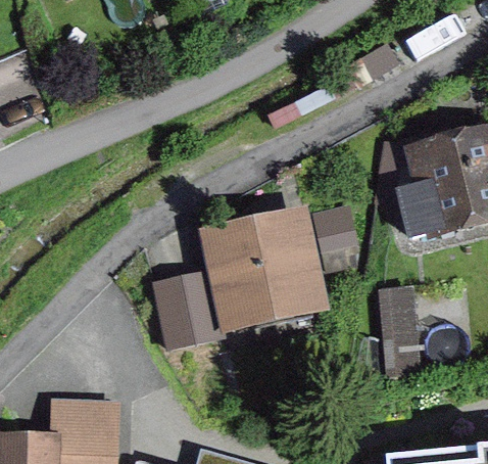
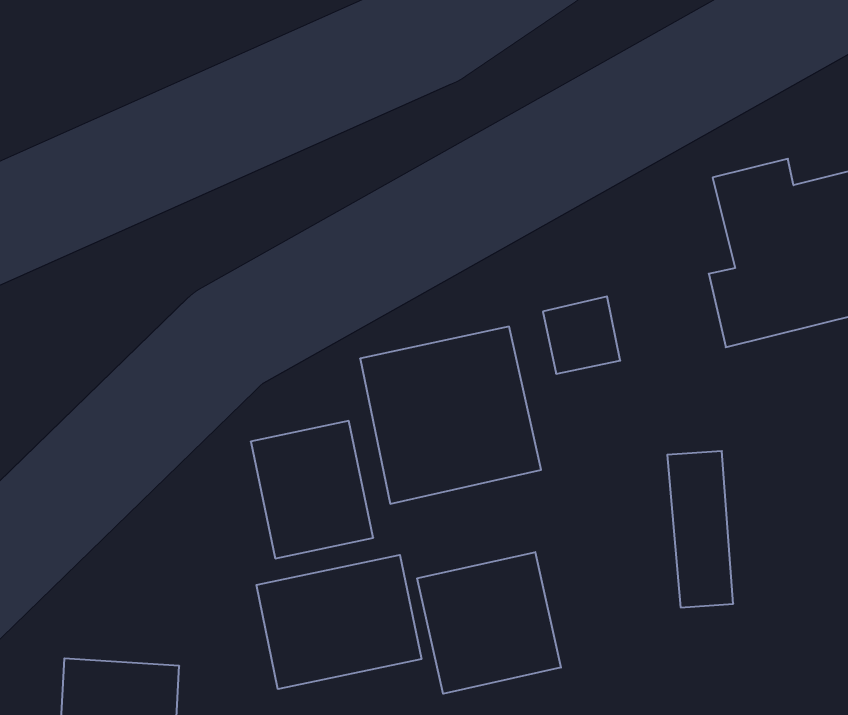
building: none -> [417,552,561,694]
building: none -> [256,555,421,689]

